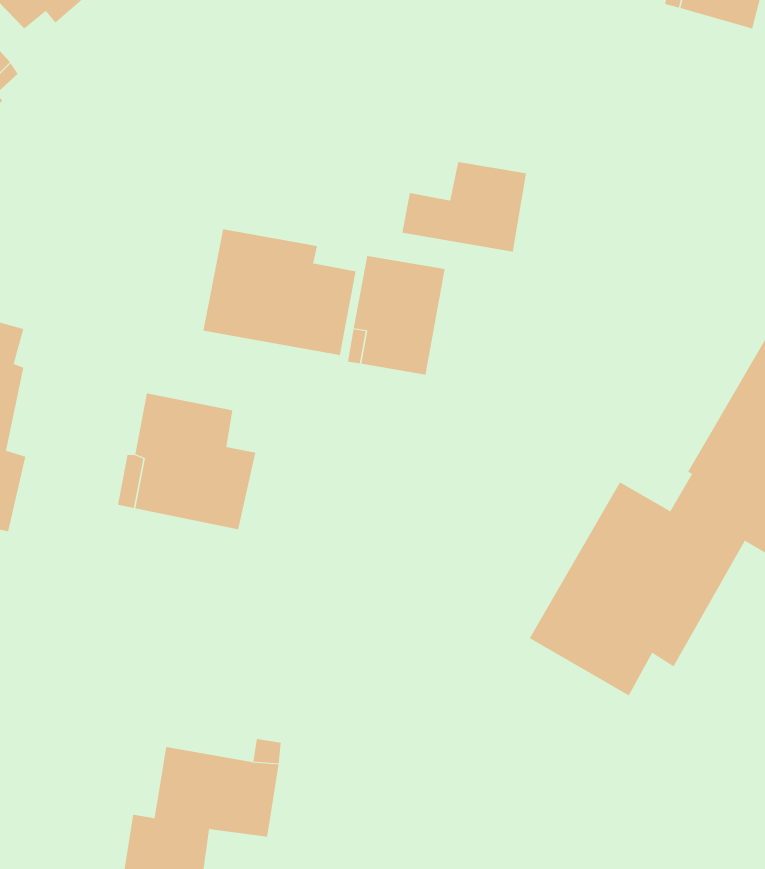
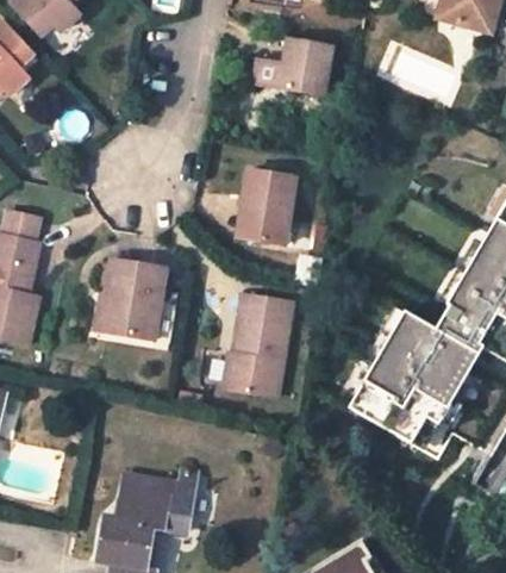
building: [401,161,527,252] -> [252,42,330,98]
building: [203,229,356,356] -> none
building: none -> [226,293,292,397]

